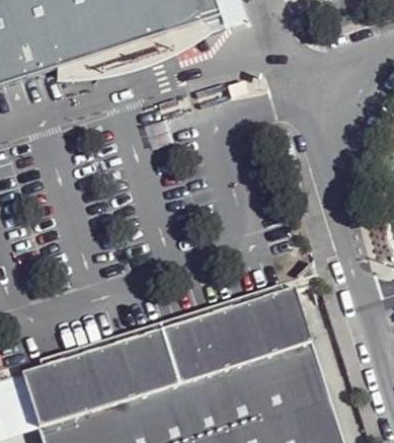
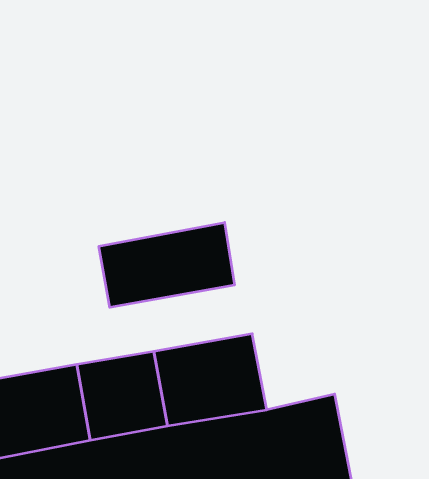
building: none -> [99,222,234,307]
building: [236,289,313,362] -> none

